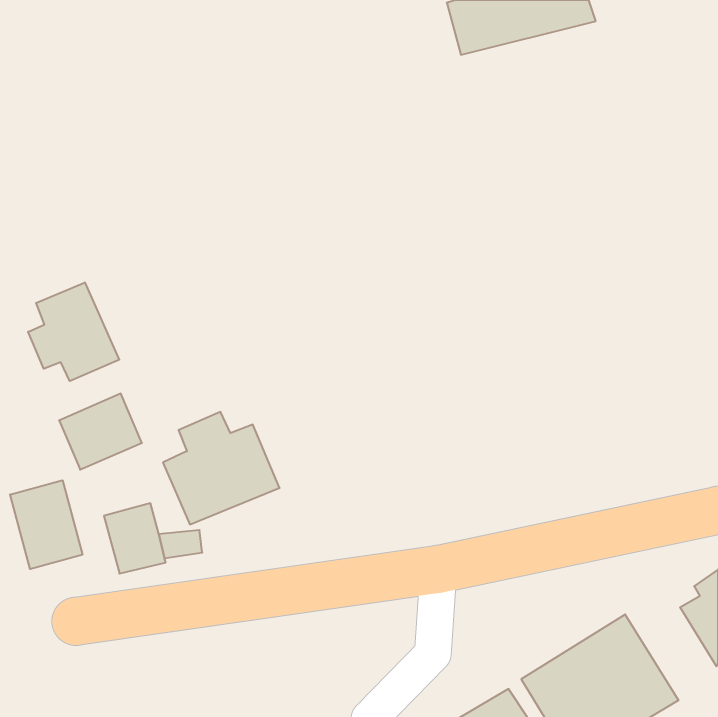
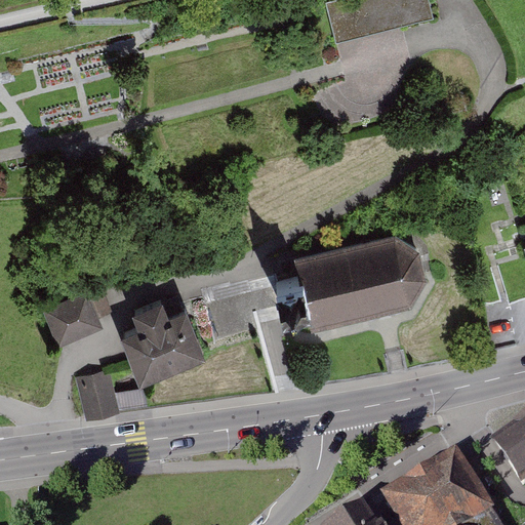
building: [28,282,119,381] -> none
building: none -> [277,237,428,332]
building: [10,480,82,569] -> none

